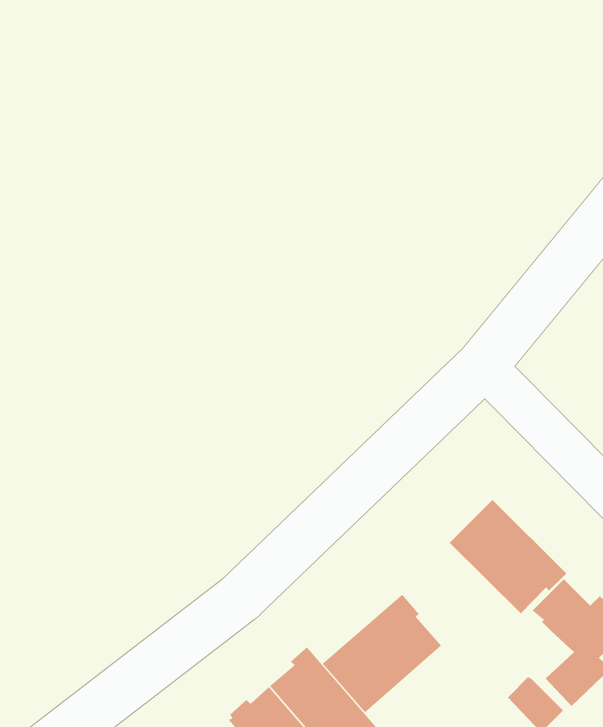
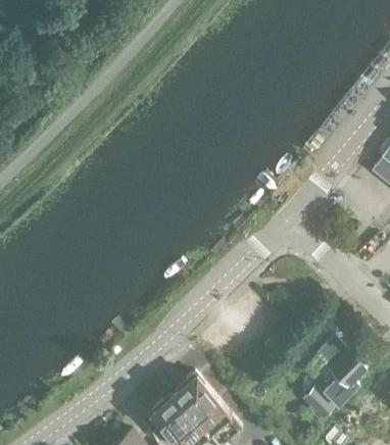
building: [449,499,567,614] -> none
building: [322,594,442,713] -> none

